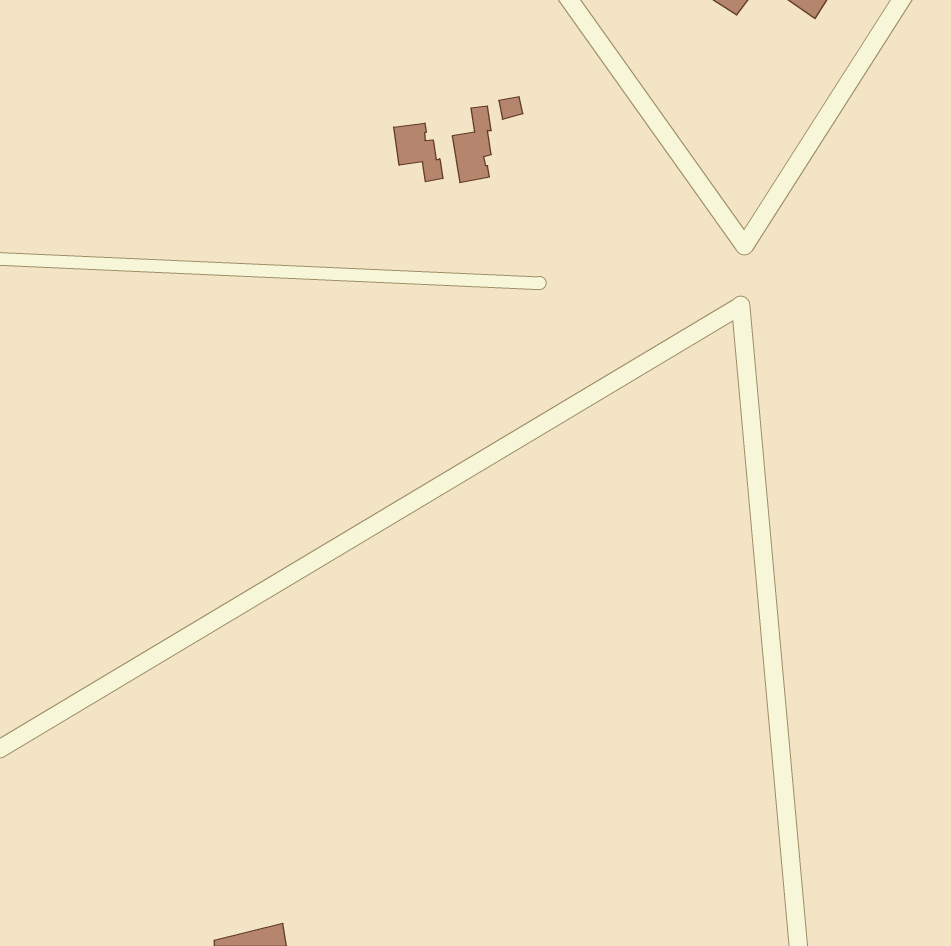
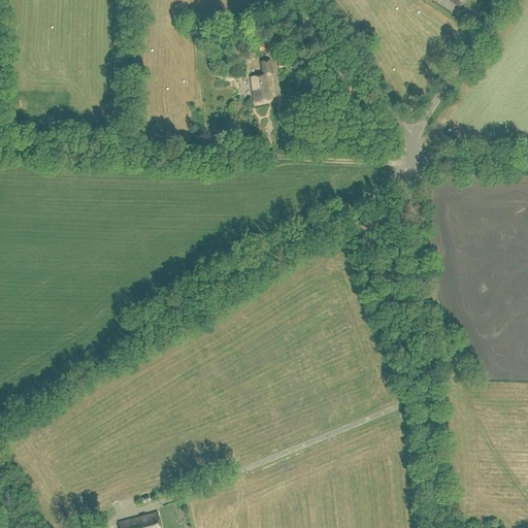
building: [394,123,443,182] -> none

